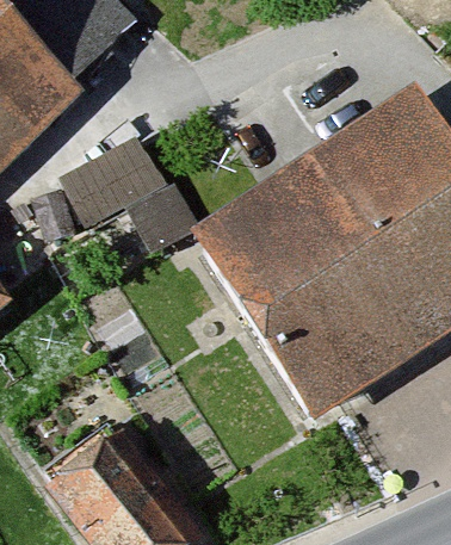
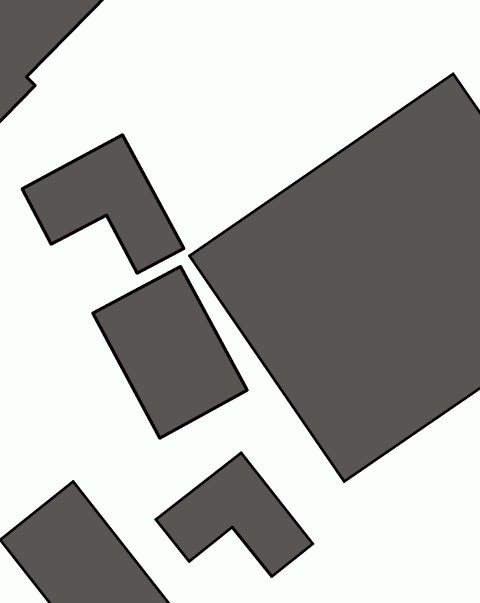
building: none -> [93,267,247,438]
building: none -> [156,453,313,577]

